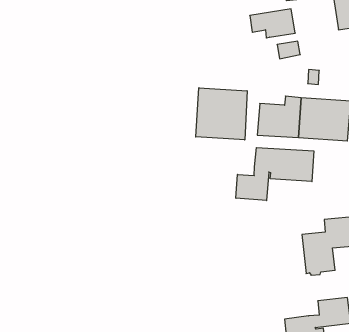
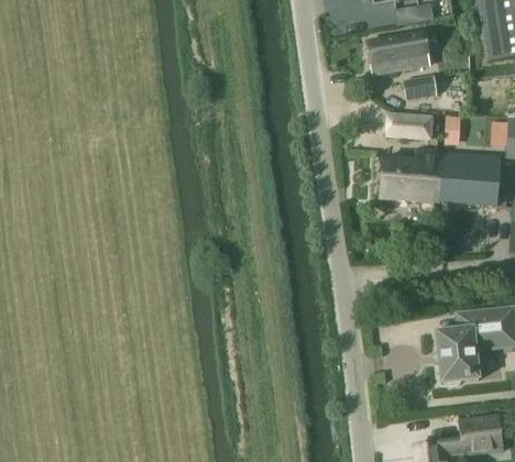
building: none -> [386,112,432,136]
building: [196,88,247,140] -> none
building: [236,148,314,201] -> none

